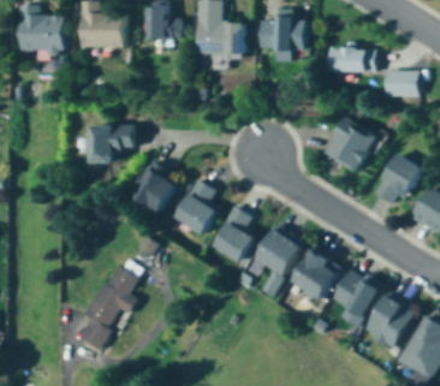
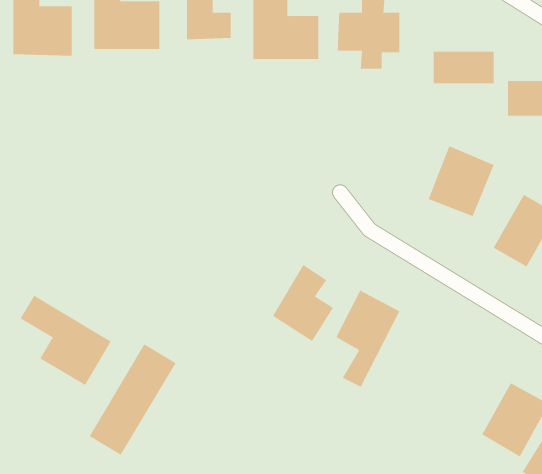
building: [89,126,135,164] -> none
building: [130,160,180,213] -> none
building: [173,179,220,234] -> none
building: none -> [20,295,112,386]
building: [292,248,343,299] -> none
building: [329,267,383,322] -> none

